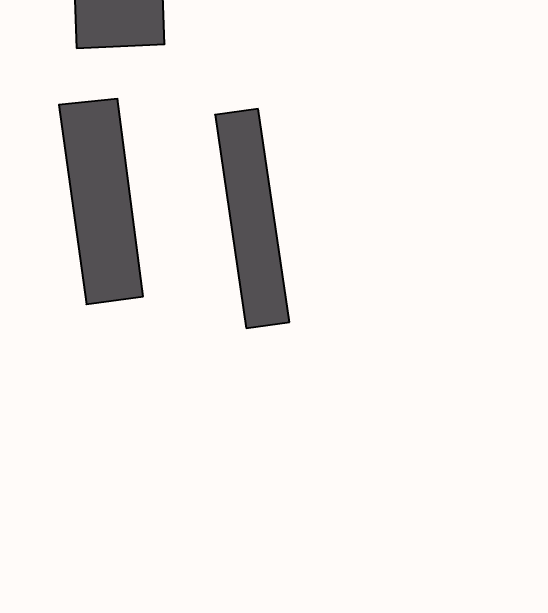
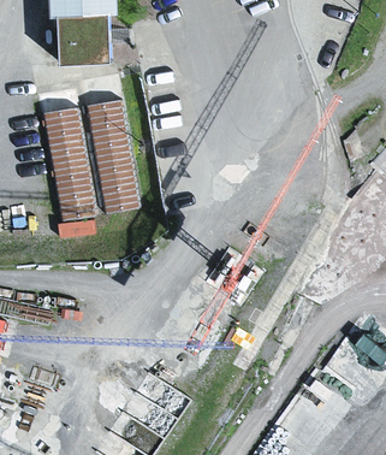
building: [215,109,289,328] -> [90,78,136,213]

